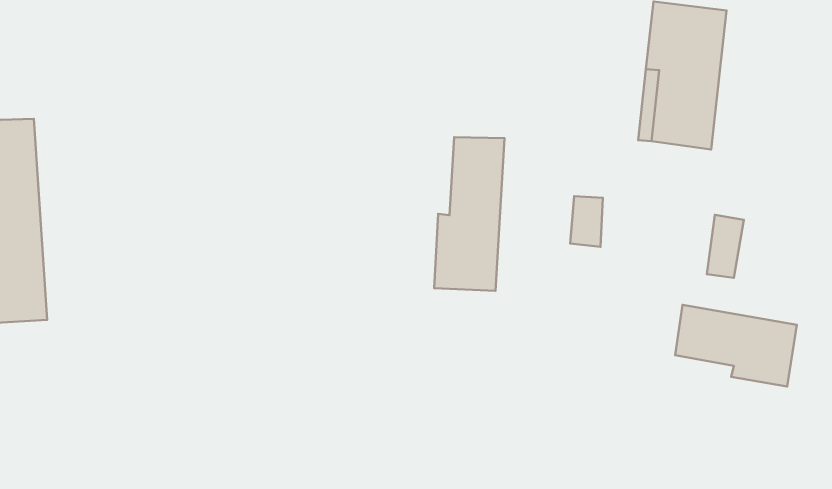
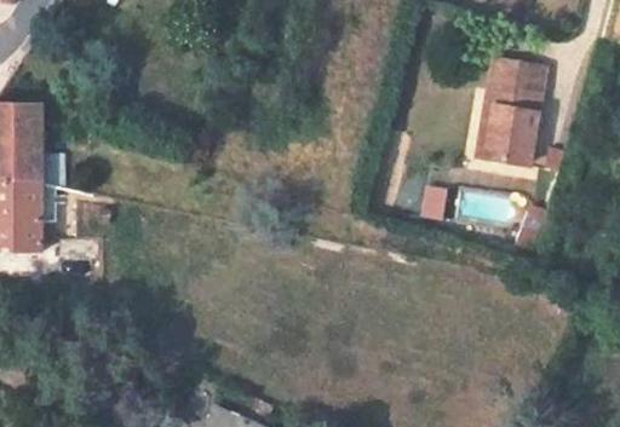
building: [434,137,504,291] -> none
building: [675,305,797,386] -> none

